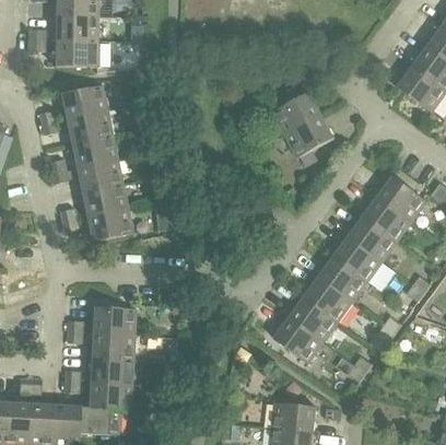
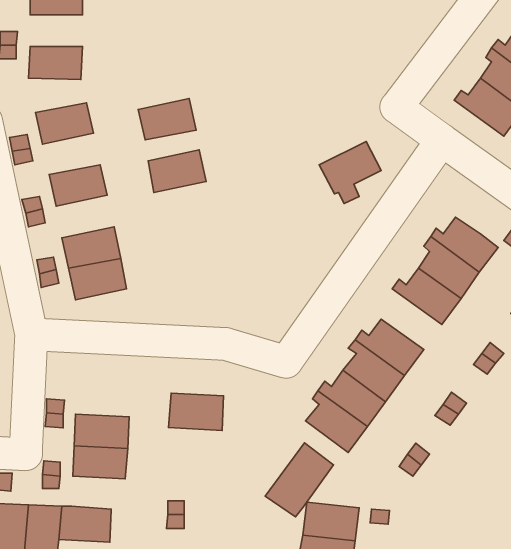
building: [55,15,96,40] -> none
building: [270,92,321,134] -> none
building: [64,109,110,142] -> [138,98,196,140]
building: [75,159,121,192] -> [148,150,206,193]
building: [333,233,382,281] -> none
building: [91,305,134,335] -> [168,393,224,430]
building: none -> [265,443,334,517]
building: [87,382,130,410] -> none

